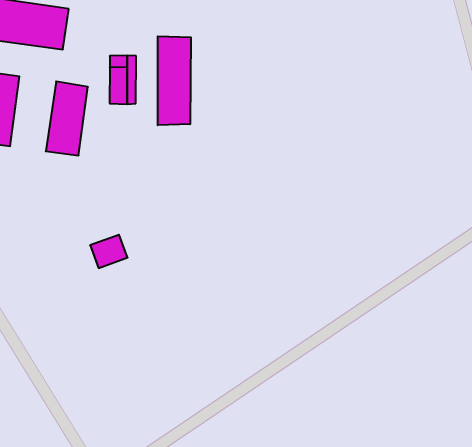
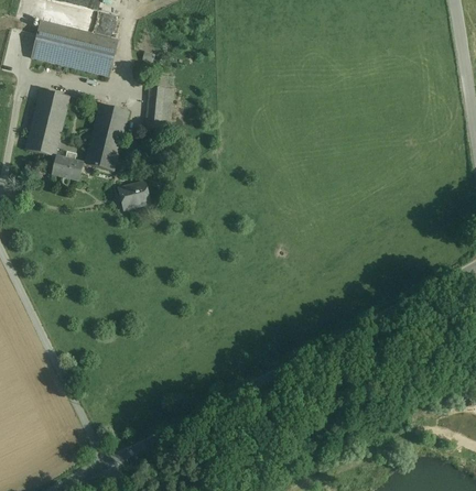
building: [158,36,191,125] -> none
building: none -> [52,150,84,179]
building: [90,235,128,268] -> [118,181,150,208]

